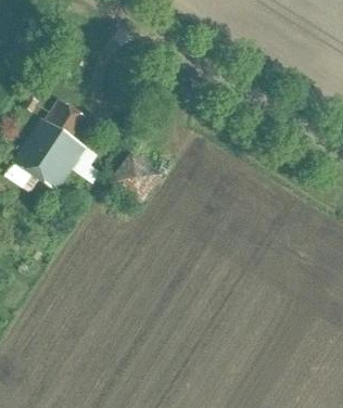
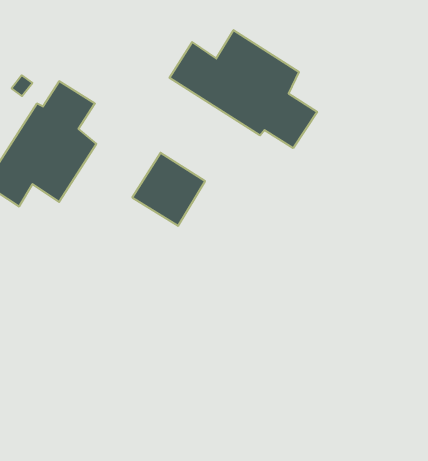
building: none -> [170,30,317,148]

